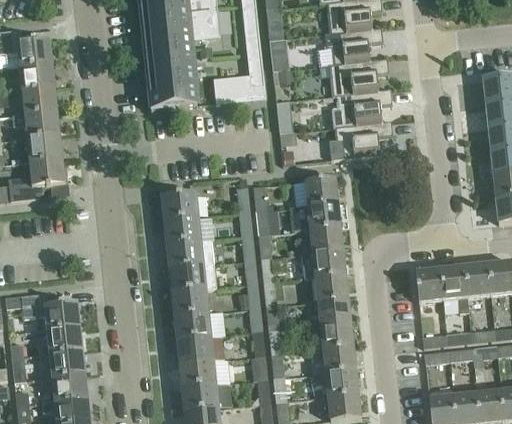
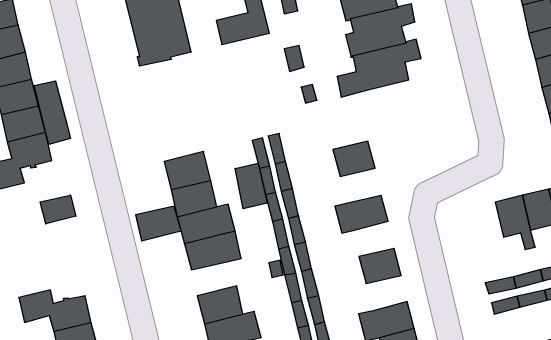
building: none -> [34,81,71,145]
building: [292,176,338,205] -> none
building: none -> [235,163,267,209]
building: none -> [40,195,76,224]
building: [310,225,343,252] -> none
building: [415,268,443,301] -> none
building: [315,272,348,299] -> none
building: [172,288,209,314] -> [136,206,181,241]
building: [320,320,353,347] -> none

